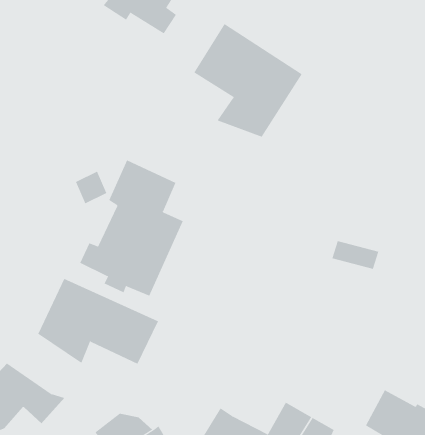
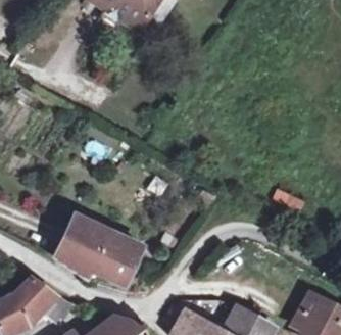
building: [193,23,302,137] -> none
building: [80,160,184,296] -> none

